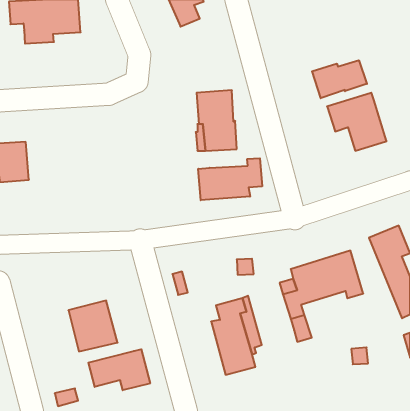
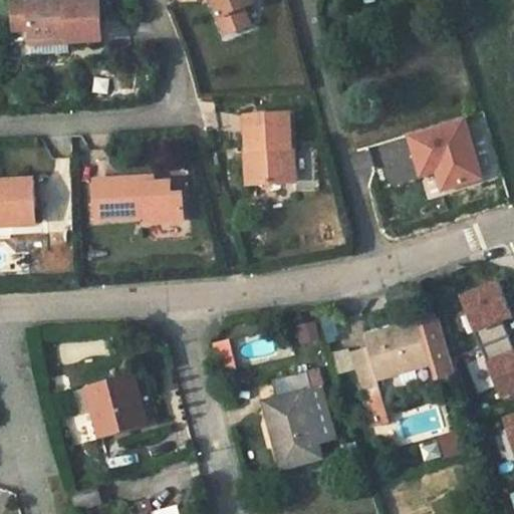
building: [312,60,367,98] -> none
building: none -> [93,177,183,223]
building: [198,158,262,200] -> none
building: [88,349,150,390] -> none

